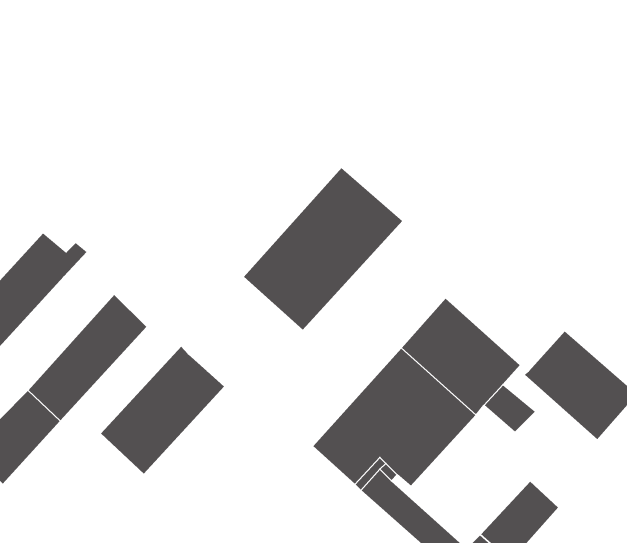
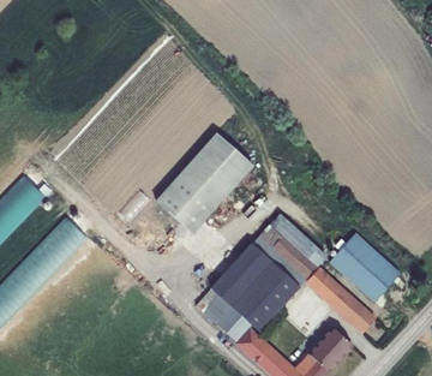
building: [100,346,225,474] -> none
building: none -> [323,284,374,332]

